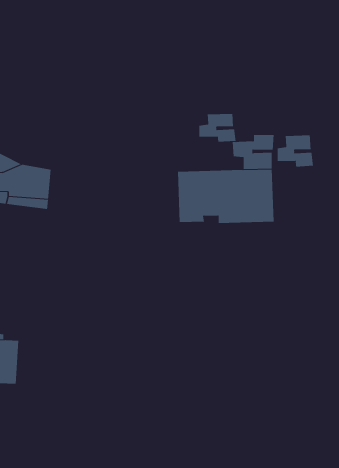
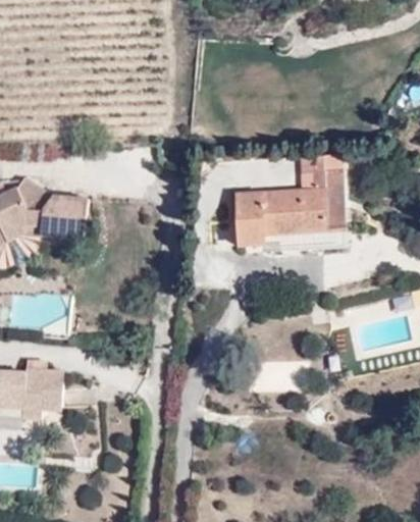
building: [199,113,236,143] -> none
building: [277,135,314,167] -> none

